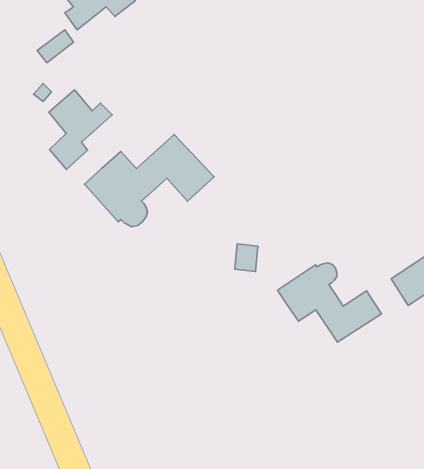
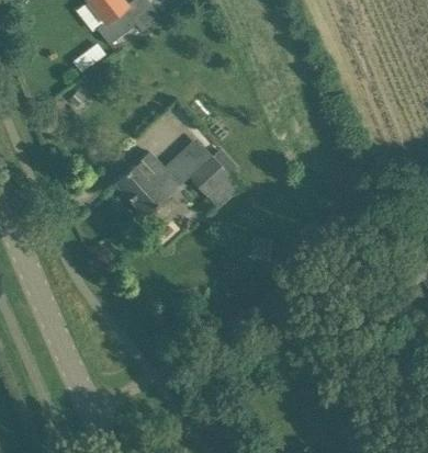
building: [49,90,112,170] -> none
building: [278,263,382,342] -> none

